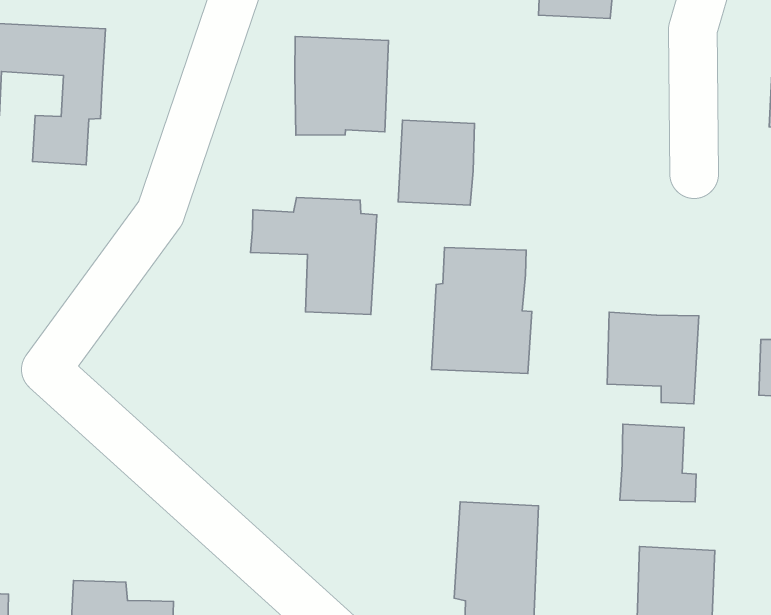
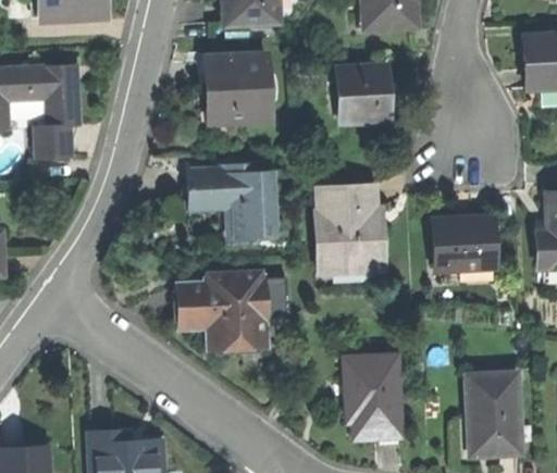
building: [398,120,474,205] -> [336,66,386,123]
building: none -> [175,272,287,350]
building: [620,424,696,502] -> none

